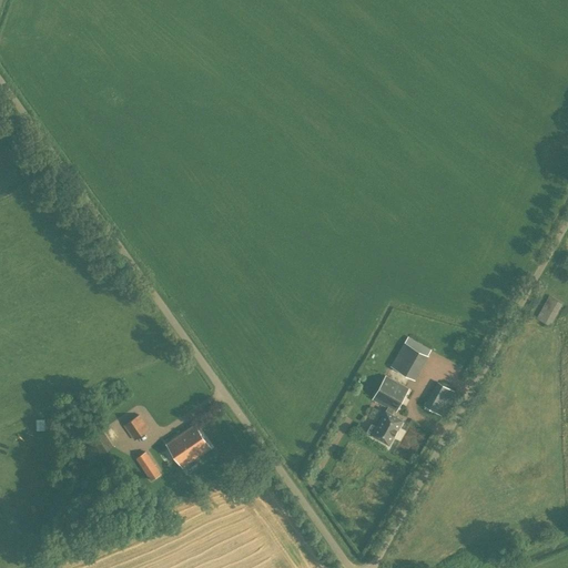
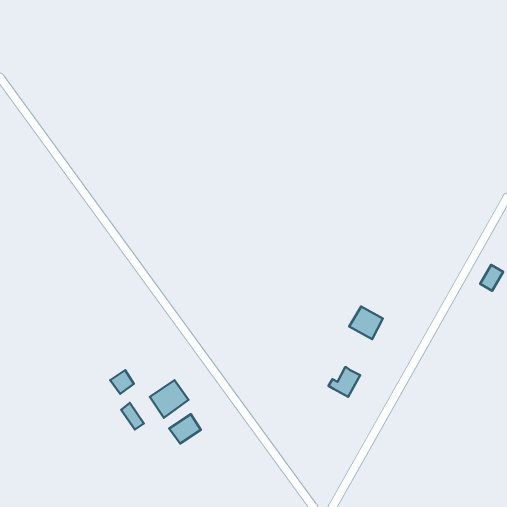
building: [374,376,409,414] -> none
building: [424,384,454,415] -> none
building: none -> [169,414,201,444]

